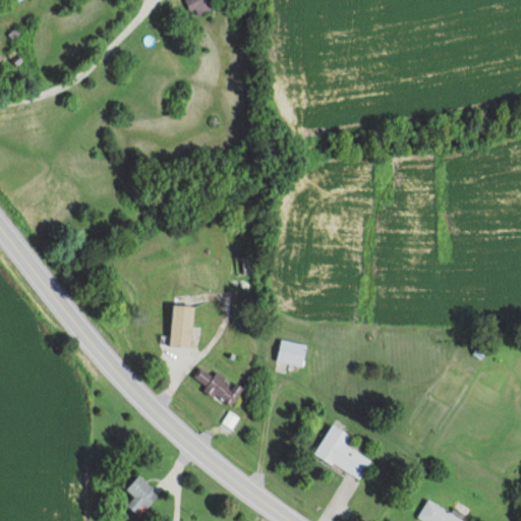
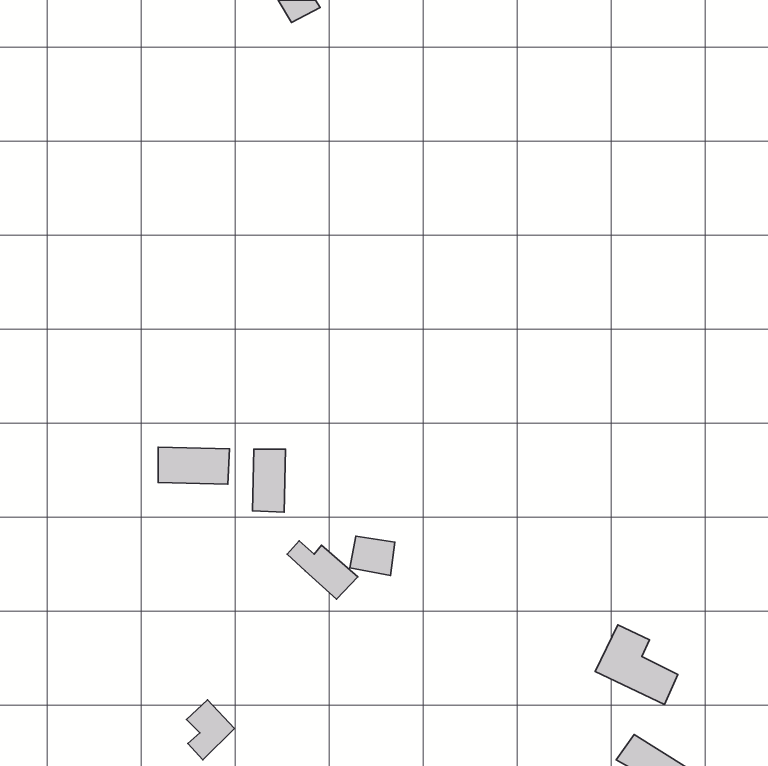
building: none -> [158,447,229,484]
building: [277,340,307,366] -> [350,536,395,575]
building: [314,424,370,478] -> [595,625,678,704]

